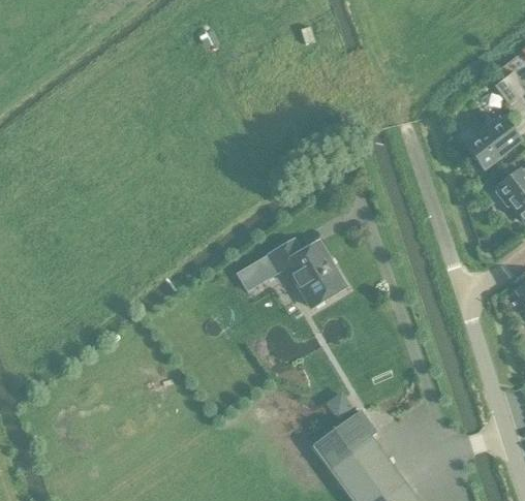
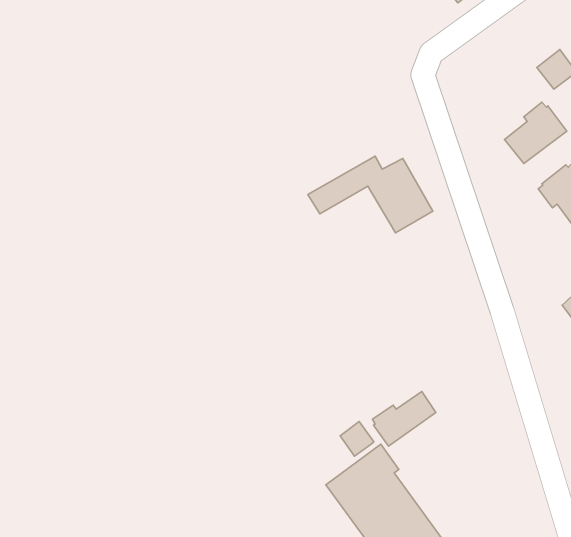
building: [236,240,343,306] -> [308,156,433,233]
building: none -> [373,391,436,446]

